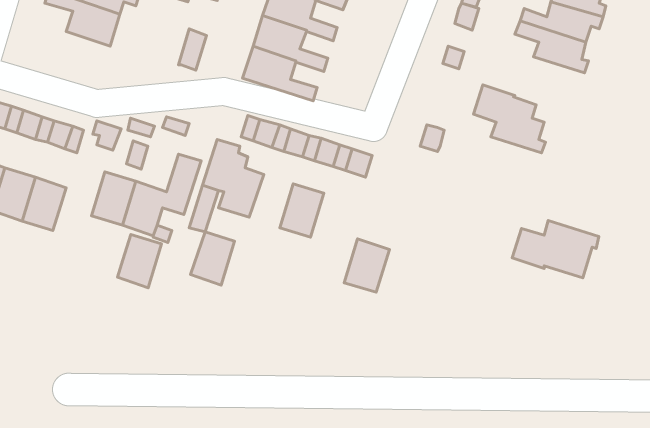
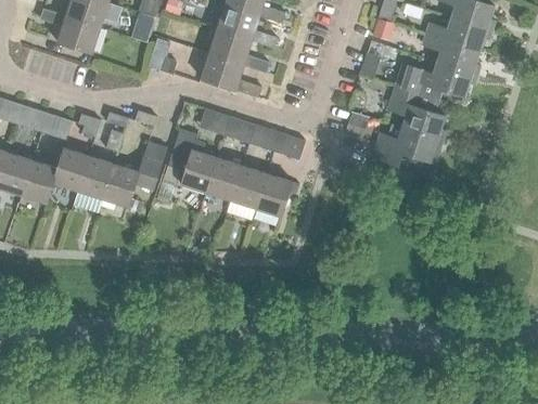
building: none -> [395,62,477,101]
building: [512,220,599,278] -> [372,127,443,173]
building: [190,232,235,285] -> [205,157,241,200]
building: [117,234,161,288] -> [52,147,88,191]
building: [344,239,390,292] -> [255,172,292,216]

